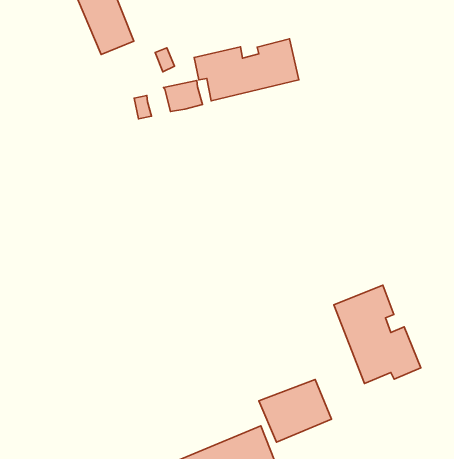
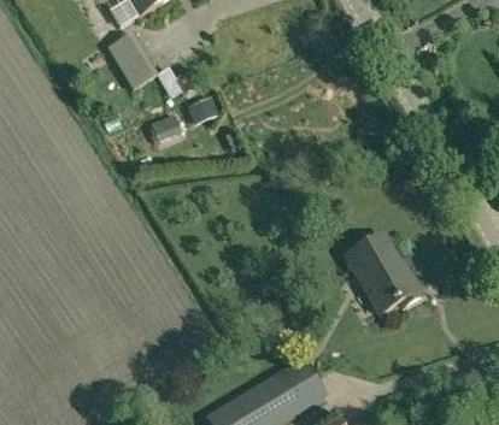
building: [194,39,299,101] -> none
building: [259,379,331,442] -> none

